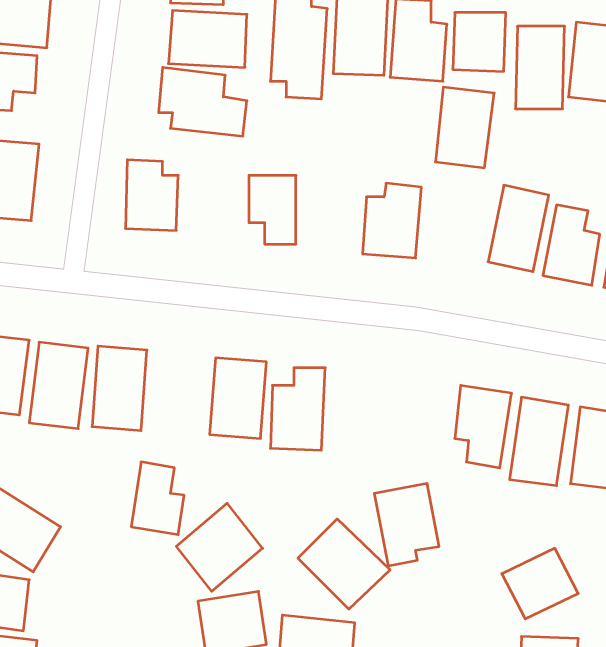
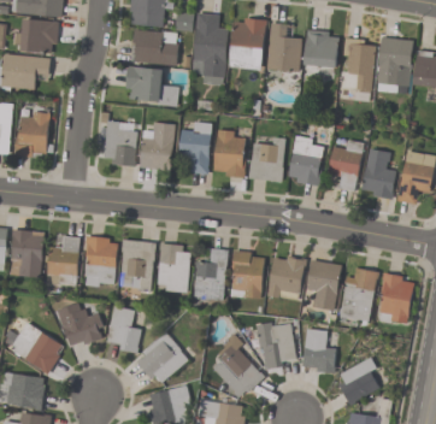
building: [435,87,494,168] -> [288,136,324,186]
building: none -> [141,123,173,170]
building: none -> [213,130,247,177]
building: none -> [118,239,155,290]
building: none -> [230,251,264,299]
building: none -> [266,254,305,302]
building: none -> [57,301,105,348]
building: none -> [304,331,334,371]

